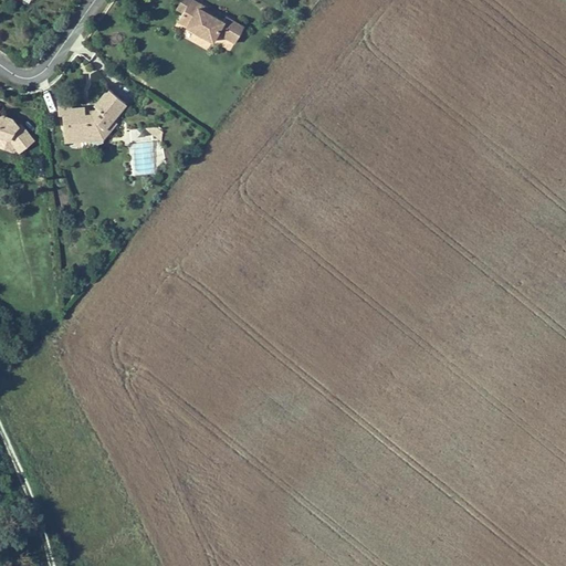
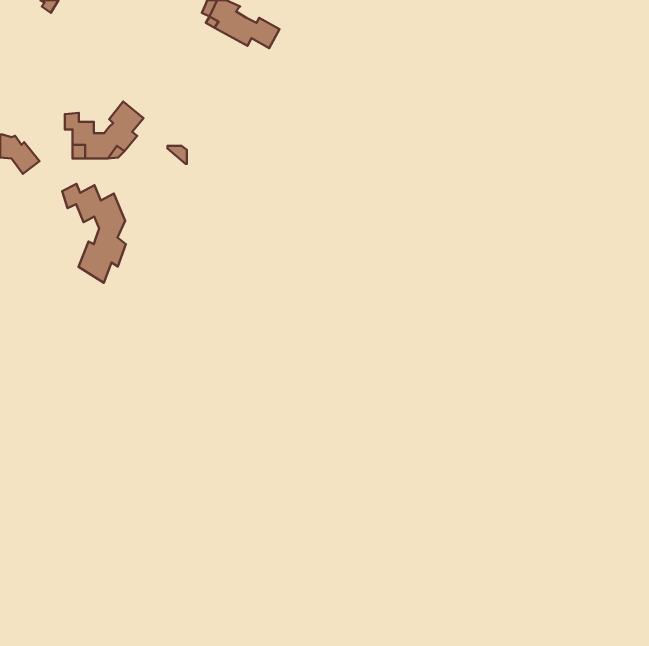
building: none -> [62,184,126,283]

